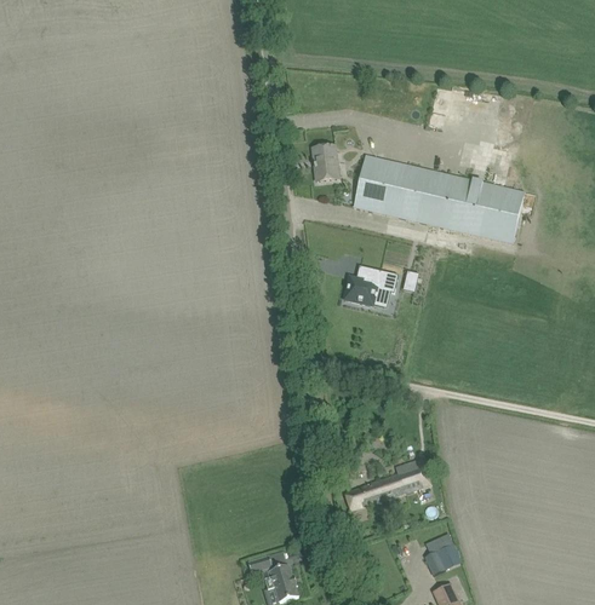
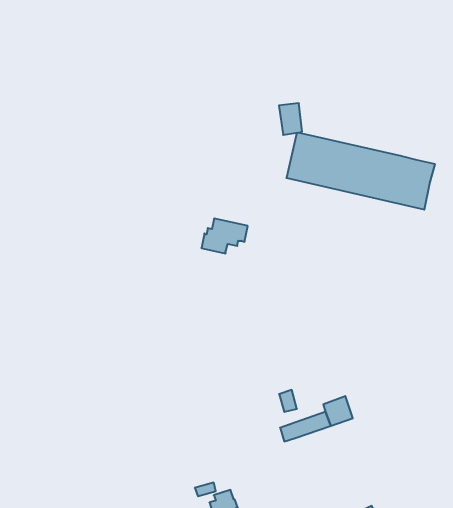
building: [311,145,338,182] -> [279,103,302,135]
building: [344,266,397,306] -> [201,219,248,253]
building: [424,544,462,576] -> none

